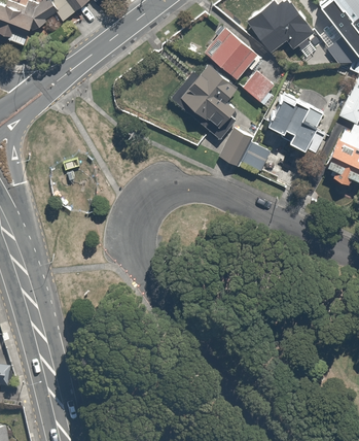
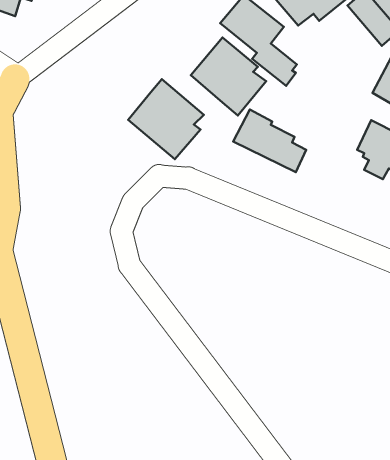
building: [270,99,323,152] -> none
building: none -> [128,79,204,159]

